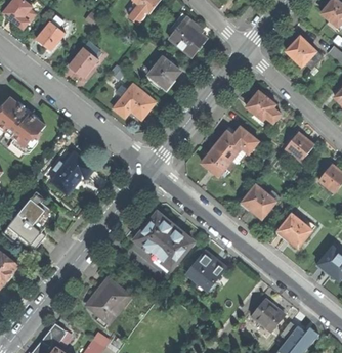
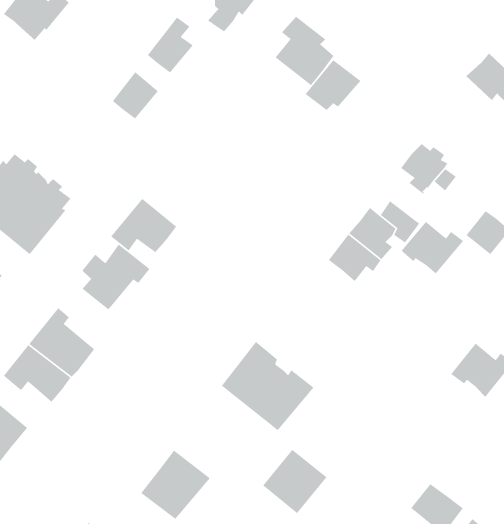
building: [37,15,66,50] -> [147,17,194,74]
building: [145,57,180,89] -> [305,59,362,111]
building: [114,84,155,118] -> [110,198,177,253]
building: [241,184,280,217] -> [401,221,464,274]
building: [186,251,226,291] -> [262,449,327,514]

